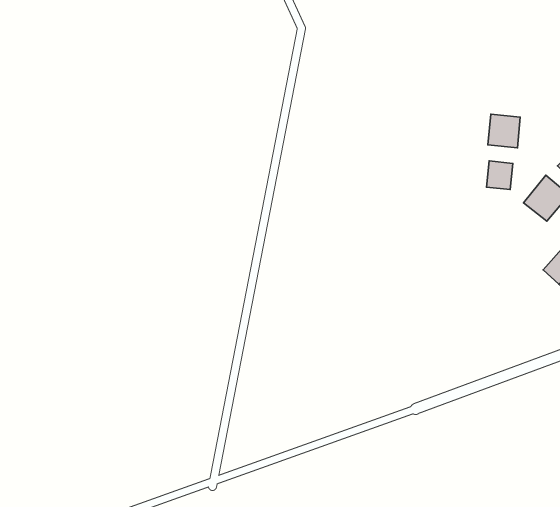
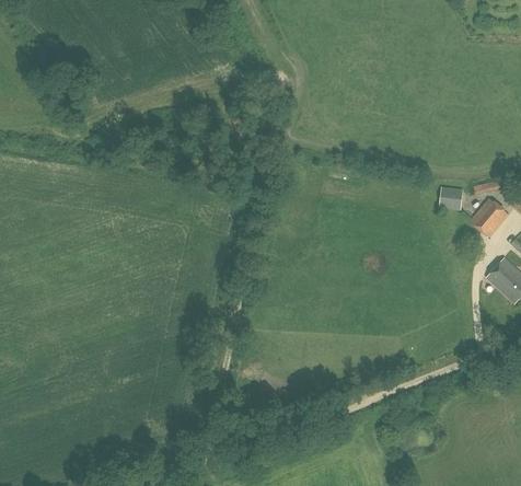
building: [488,114,520,148] -> none

